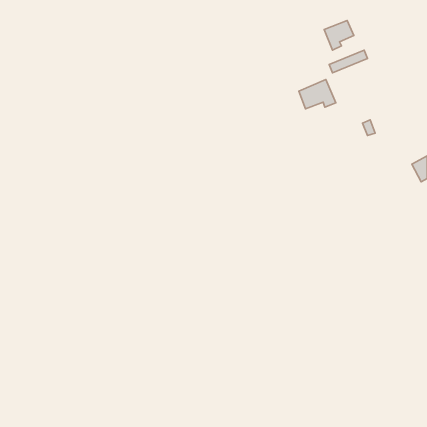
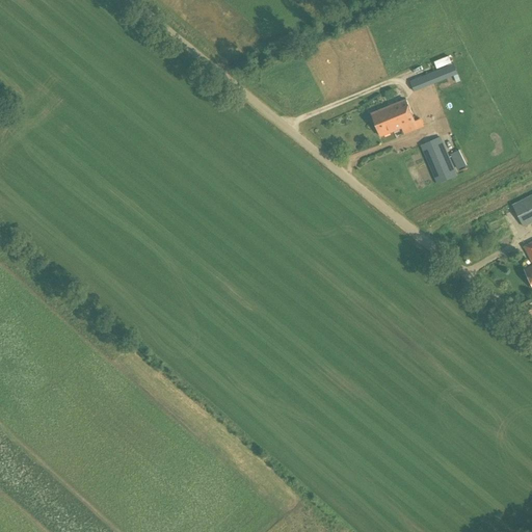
building: [324,21,354,50] -> none
building: none -> [419,135,456,183]

